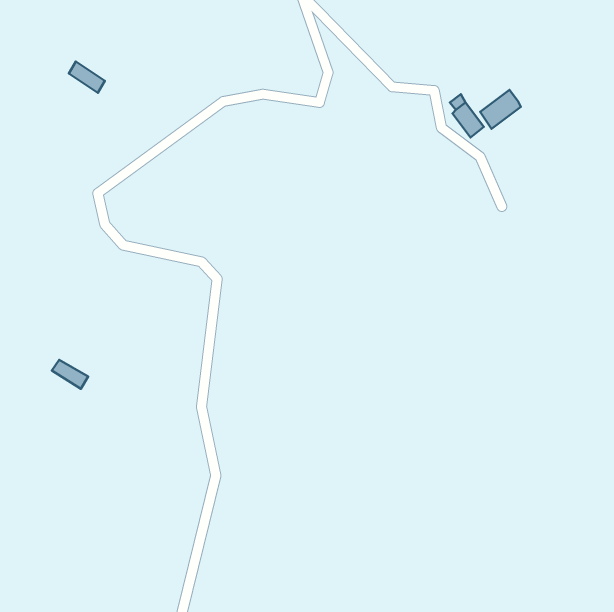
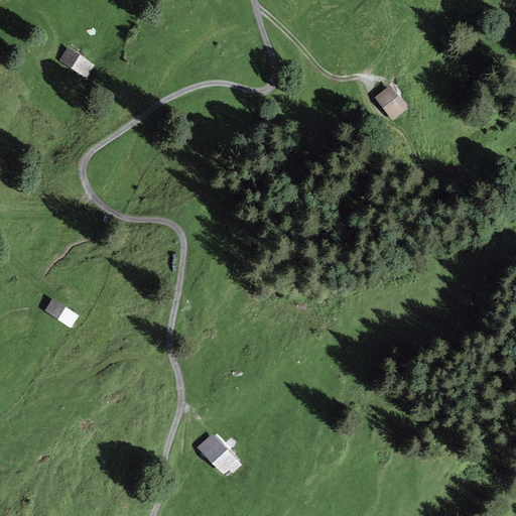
building: [480,90,521,129] -> none
building: none -> [199,435,237,469]

